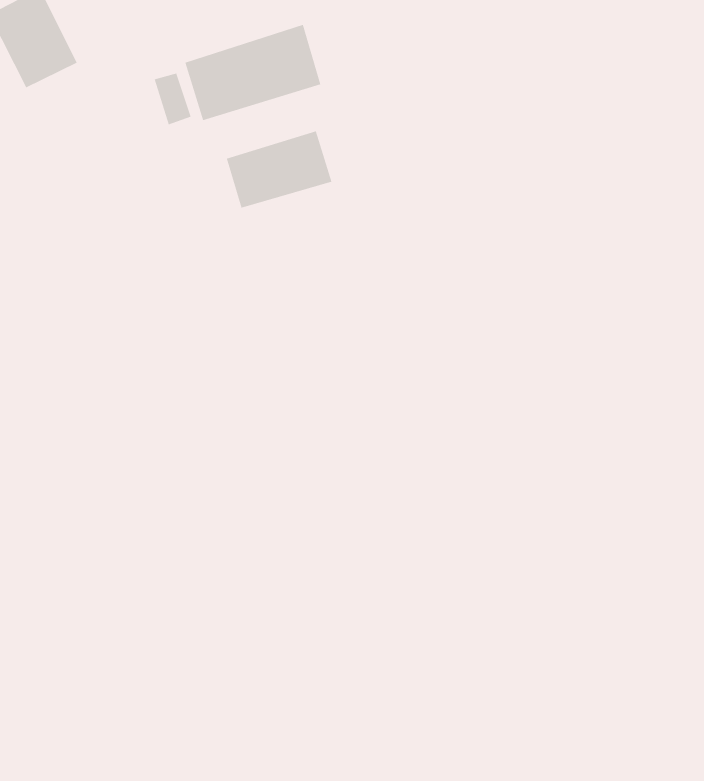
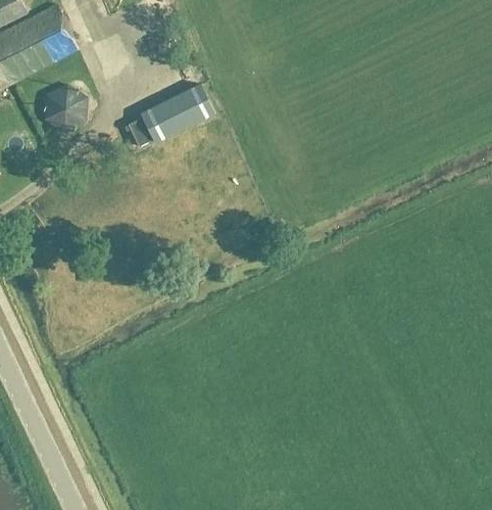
building: [226,131,332,208] -> none

